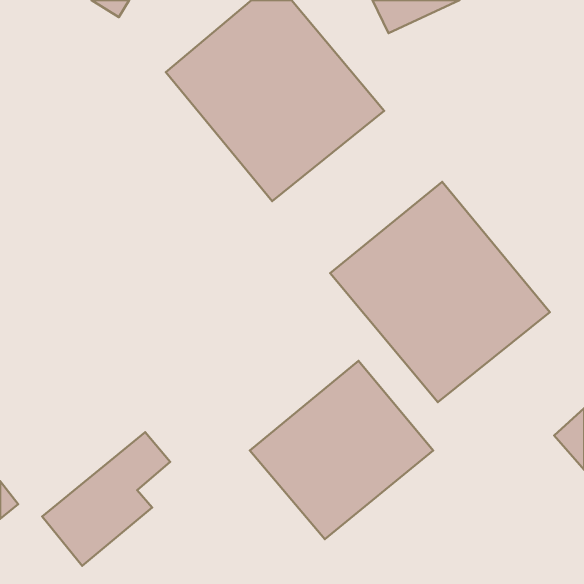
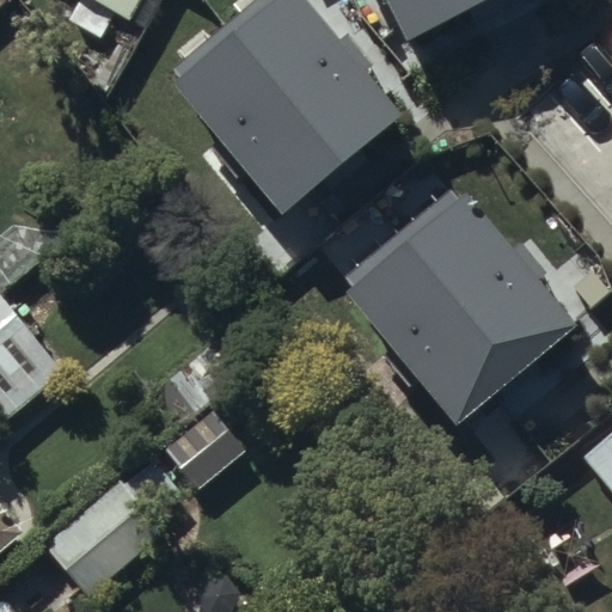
building: [250,361,433,539] -> none

